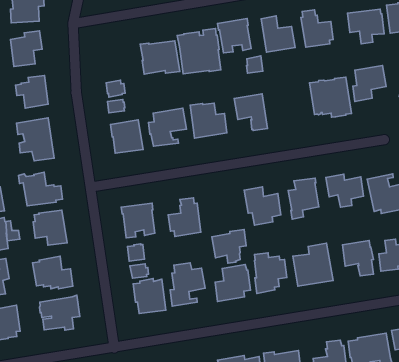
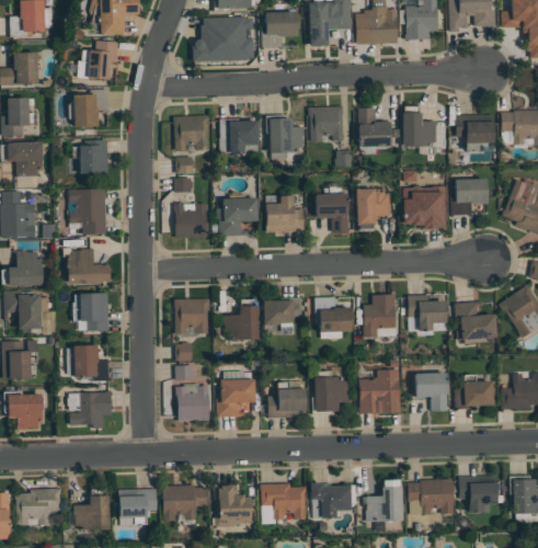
building: none -> [173,115,208,151]
building: none -> [357,189,391,230]
building: [212,230,246,263] -> [264,298,301,333]

